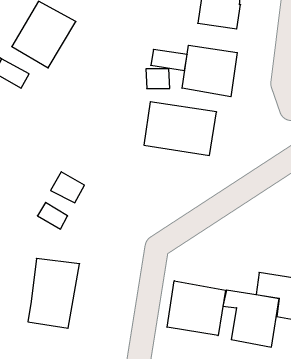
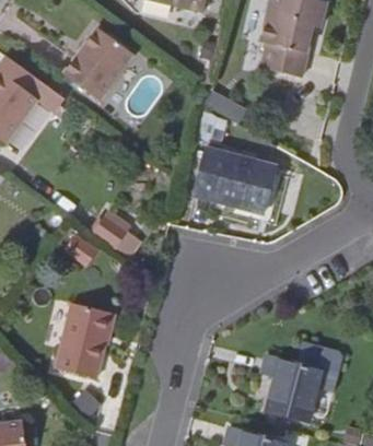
building: [182,45,237,97] -> none
building: [167,281,225,336] -> none

